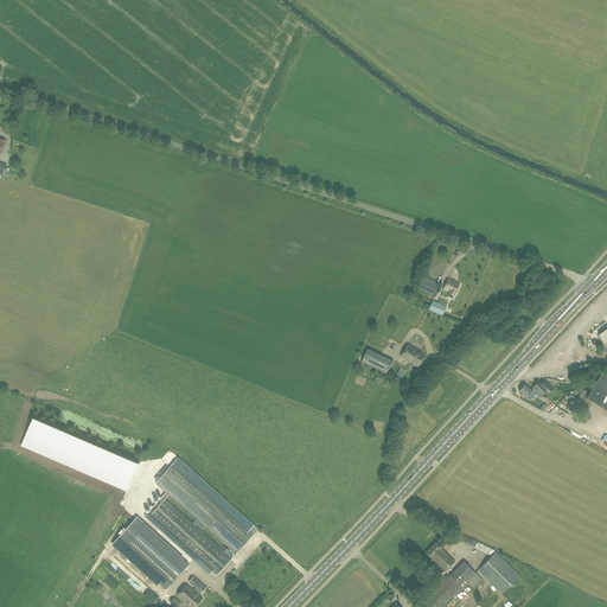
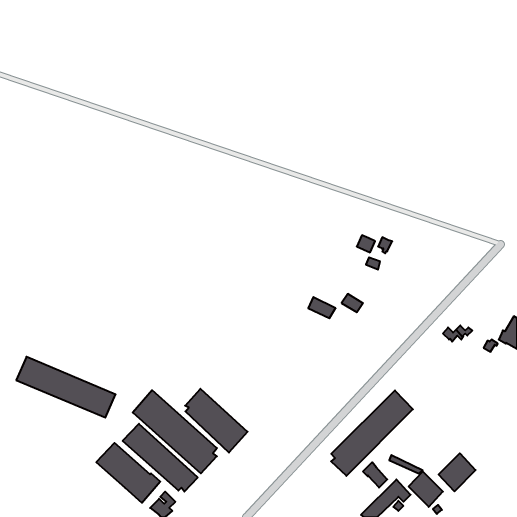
building: none -> [185,389,248,453]
building: none -> [331,390,413,476]
building: none -> [439,453,476,491]

